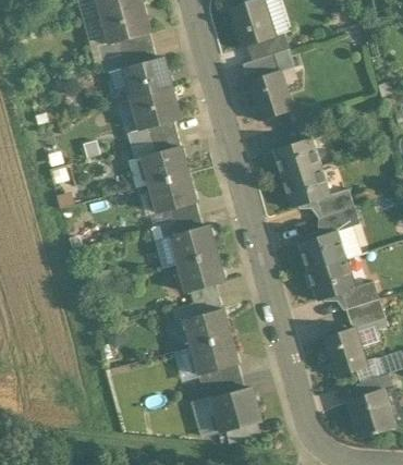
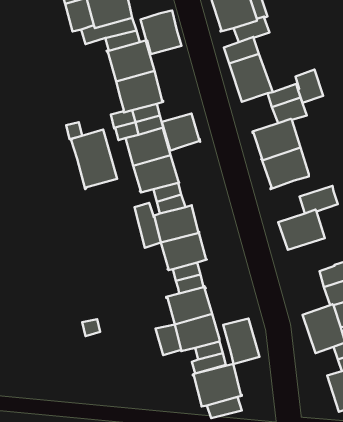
building: none -> [141,11,182,54]
building: none -> [296,70,323,103]
building: none -> [162,114,200,151]
building: none -> [71,130,117,189]
building: [315,187,354,216] -> none
building: [308,258,356,299] -> none
building: none -> [223,318,260,364]
building: [192,399,220,435] -> none

